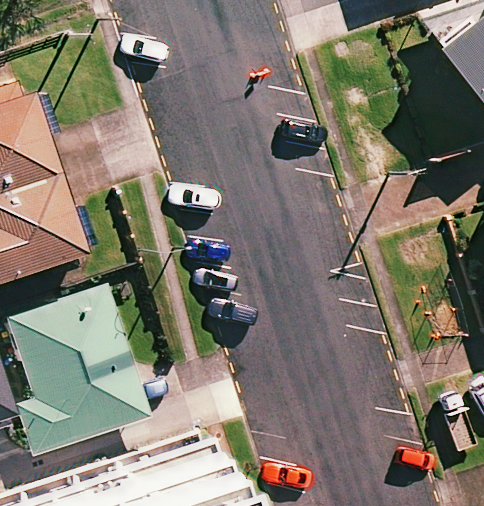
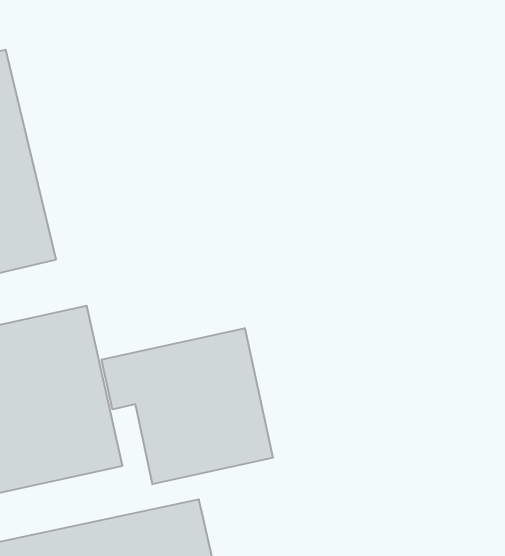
building: none -> [102,328,273,484]

